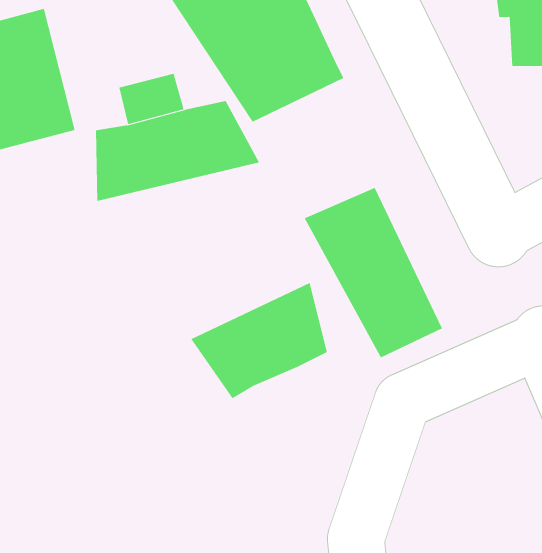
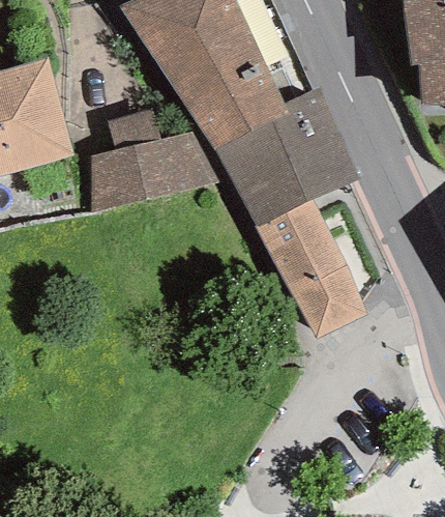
building: none -> [213,86,359,225]
building: [191,282,327,399] -> none

